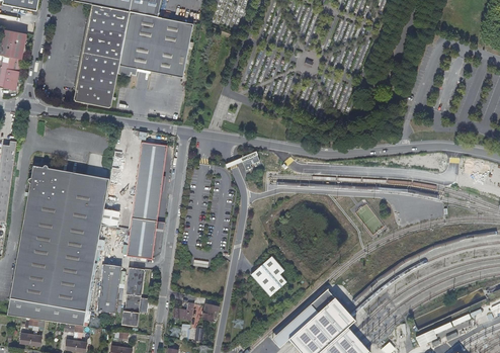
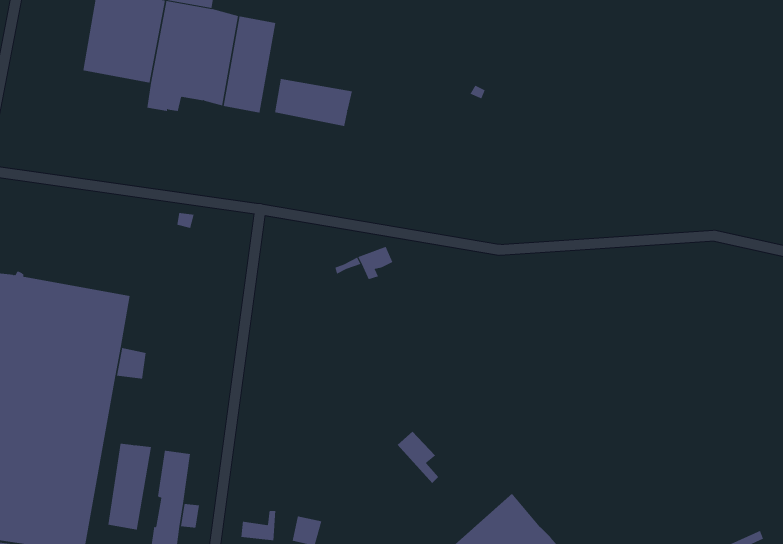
building: [73,51,120,105] -> none
building: none -> [274,78,352,127]
building: [126,143,167,260] -> none
building: [249,264,281,296] -> none

